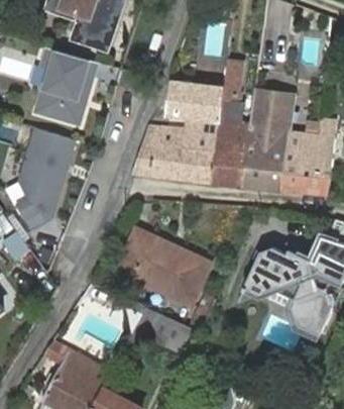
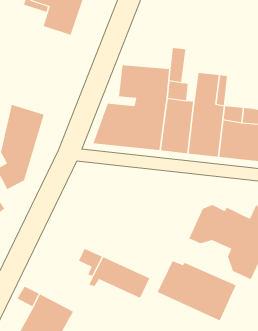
building: [35,45,95,124] -> none
building: [117,233,211,305] -> [157,260,236,321]

